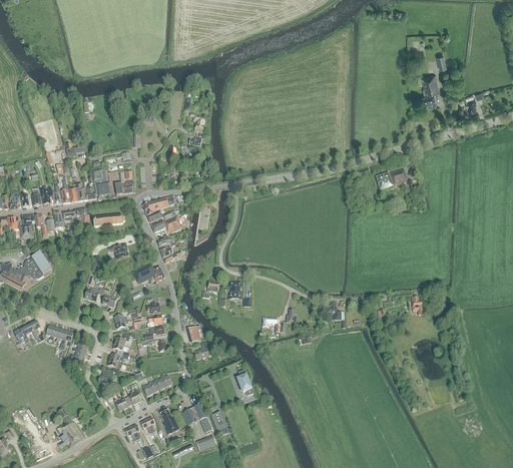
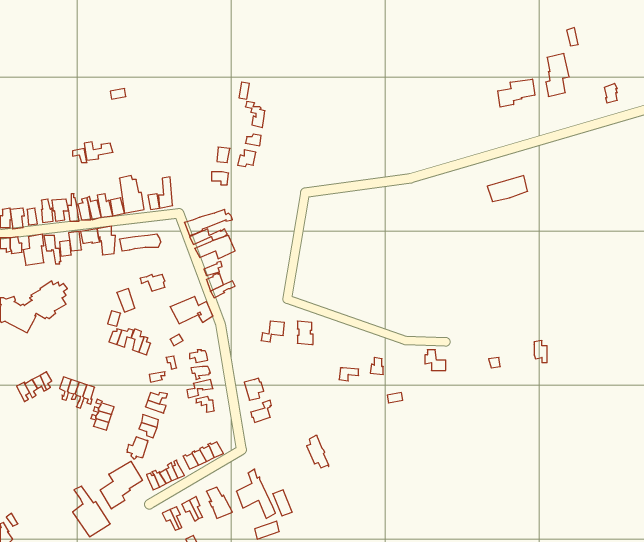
building: none -> [498,79,535,107]
building: none -> [100,461,142,509]

